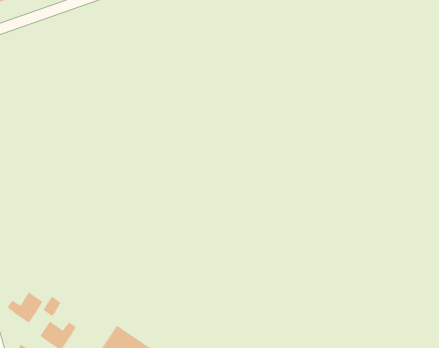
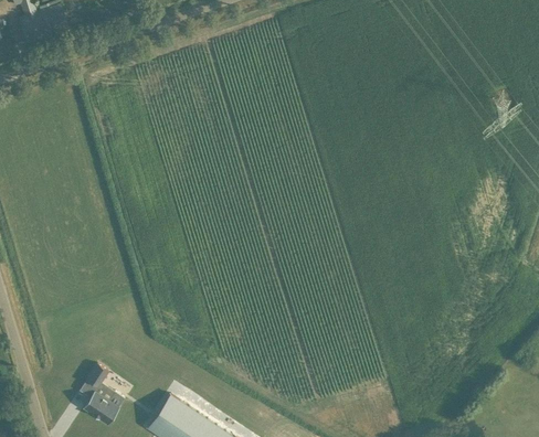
building: [7,292,43,323] -> none

